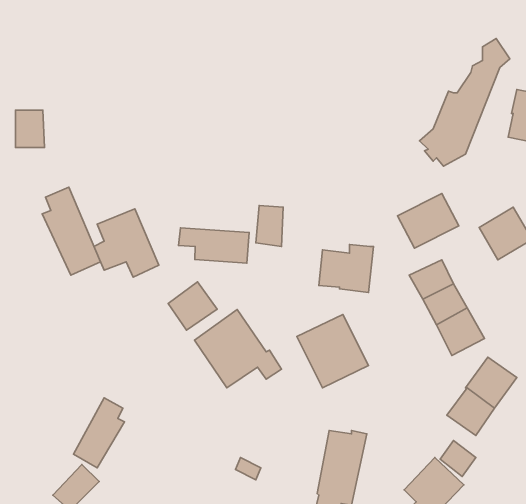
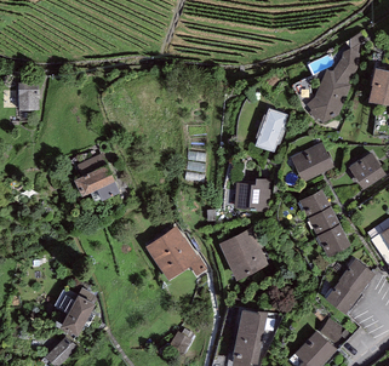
building: none -> [254,108,287,151]
building: [42,187,100,275] -> none
building: [178,228,249,263] -> none
building: [168,282,217,330] -> none

